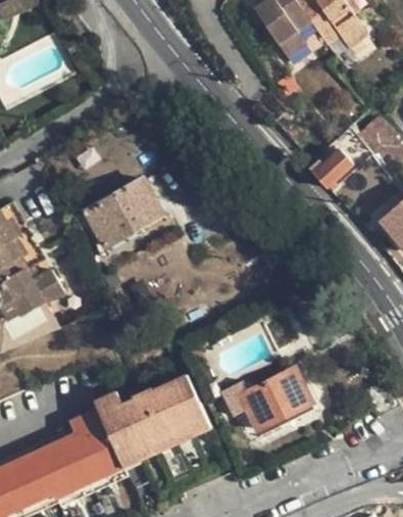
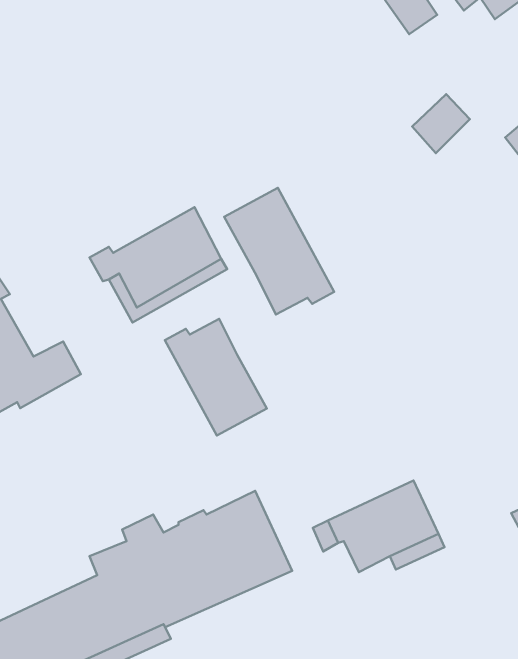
building: [313,144,353,185] -> [412,94,470,153]
building: none -> [224,188,334,315]
building: none -> [165,319,267,436]

